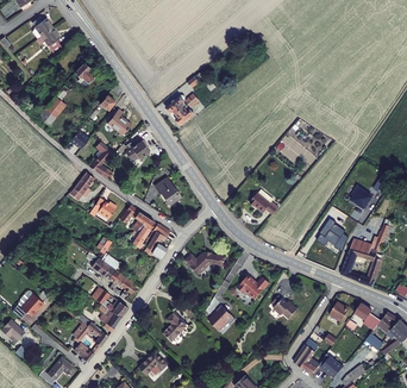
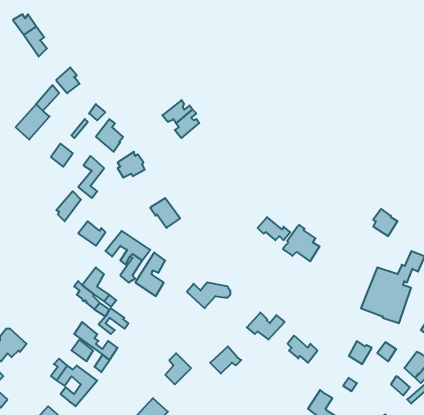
building: [315,219,347,251] -> [283,225,320,261]

